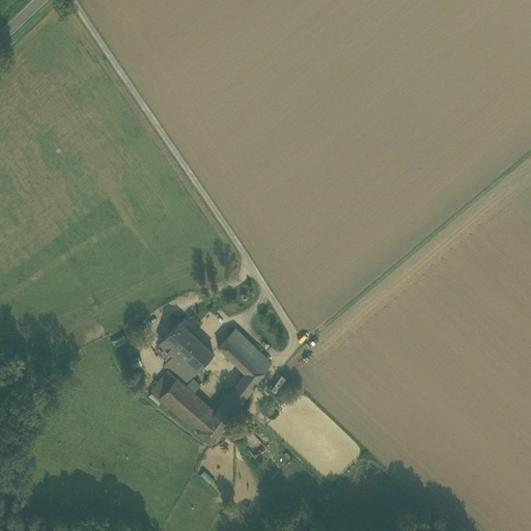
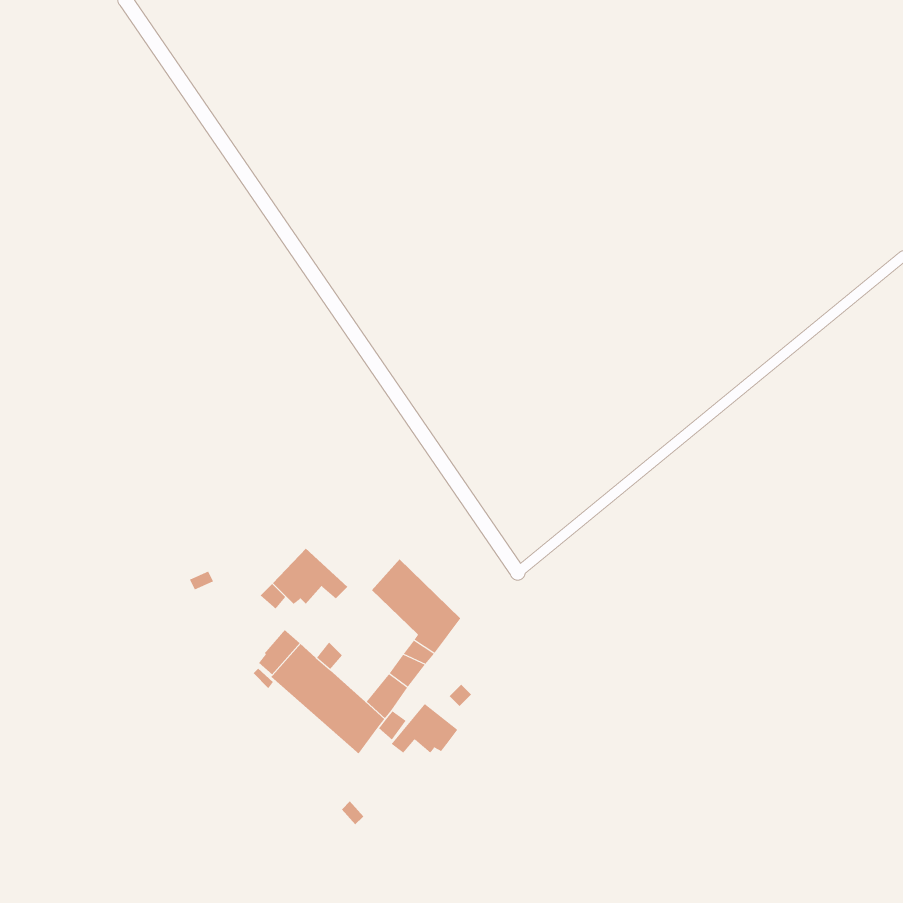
building: [165,344,213,382] -> none
building: none -> [391,703,458,754]

